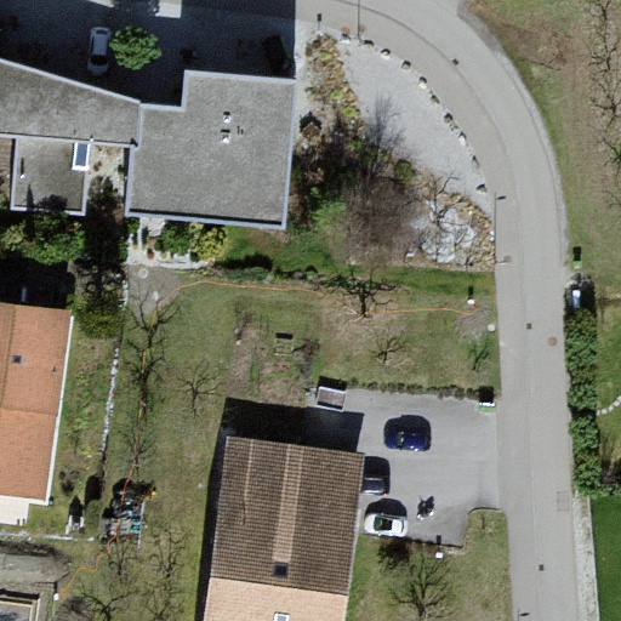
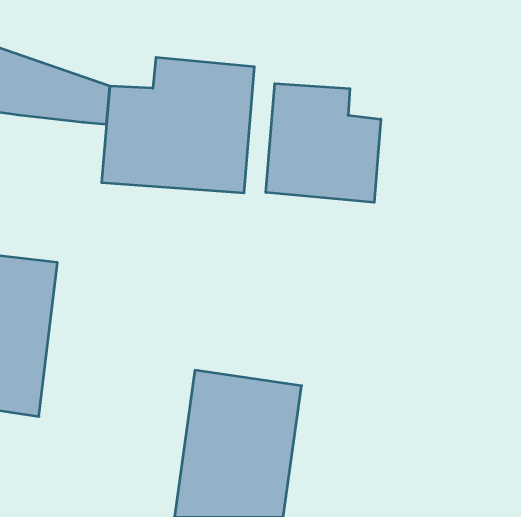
building: none -> [266,84,381,202]
building: [15,136,98,210] -> none

